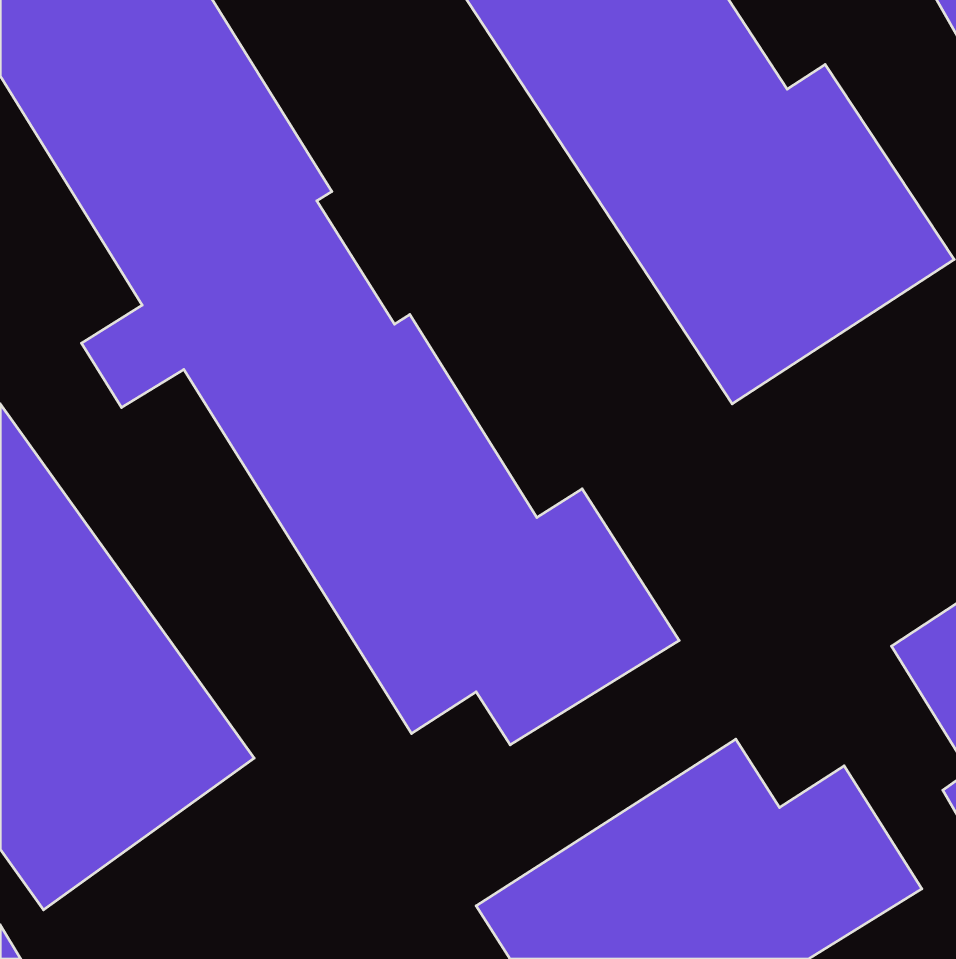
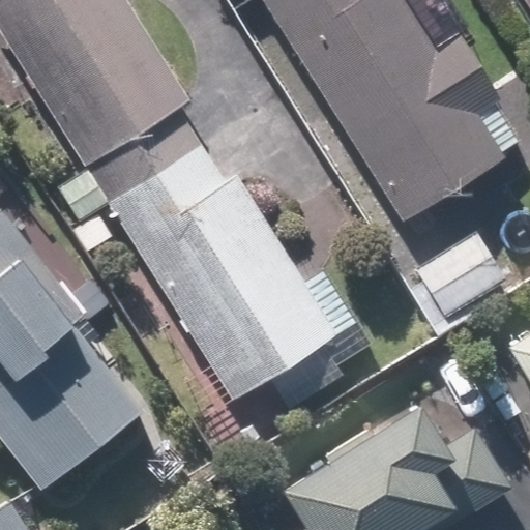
building: none -> [399,225,508,328]

